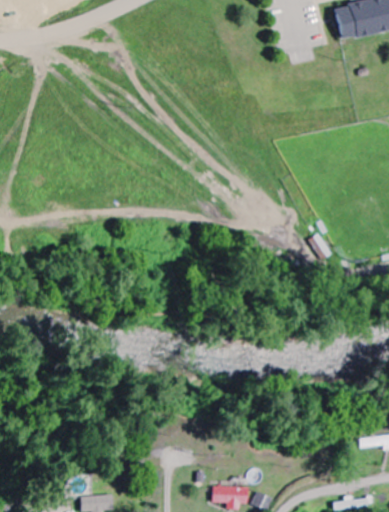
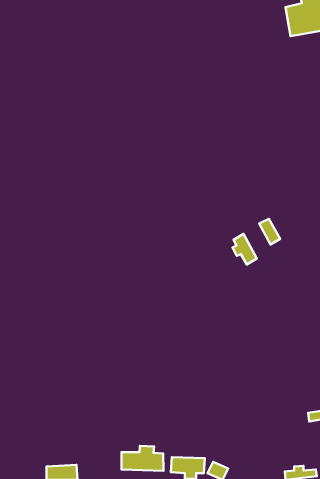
building: none -> [232,234,257,264]
building: none -> [121,446,163,471]

